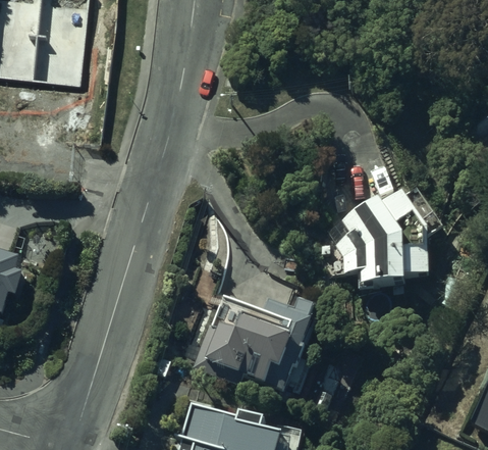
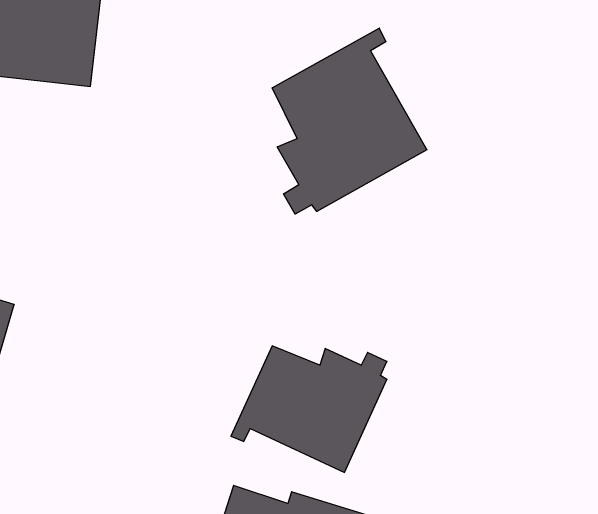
building: none -> [272,28,427,214]
building: [338,184,442,289] -> none

